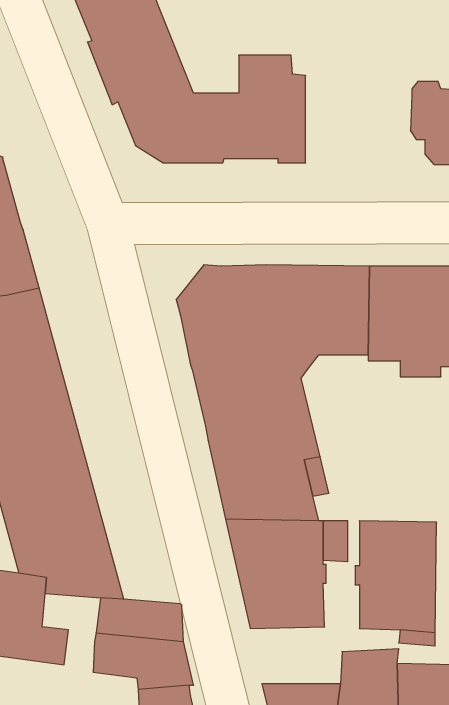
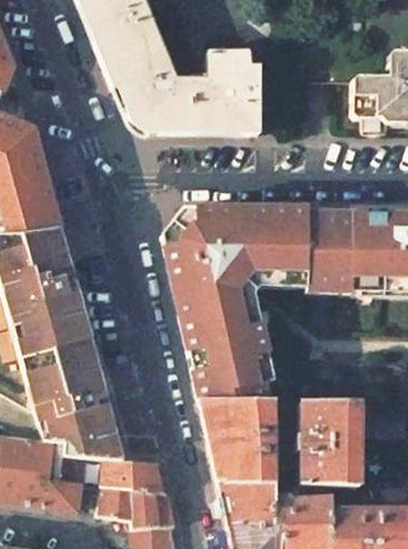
building: none -> [61,457,105,487]
building: none -> [218,482,287,525]

